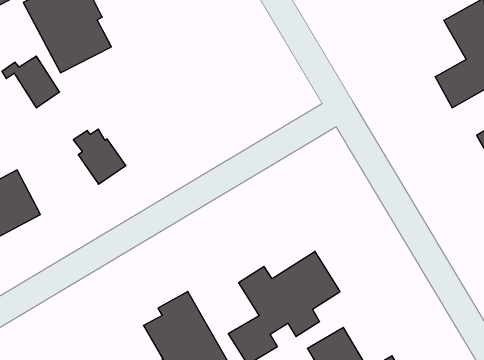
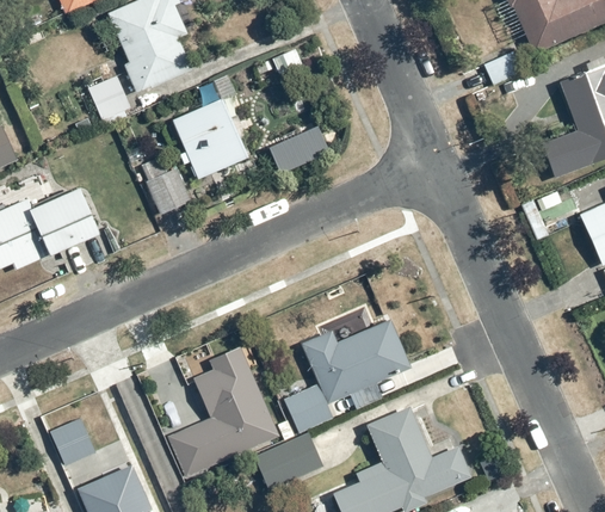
building: none -> [171,75,248,183]
building: none -> [268,132,325,178]

